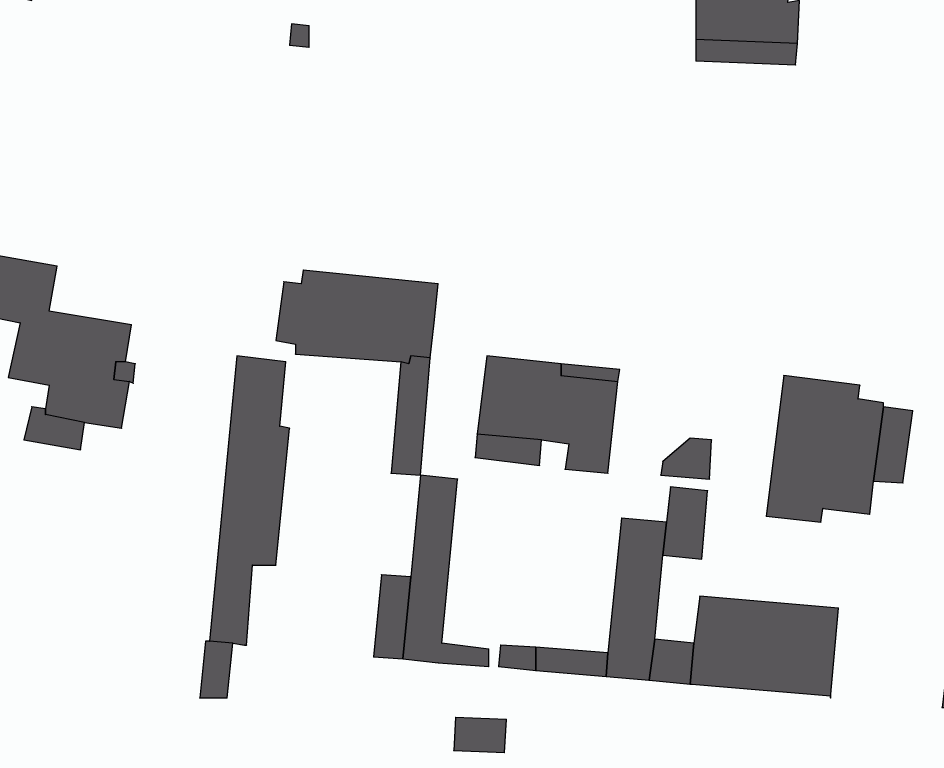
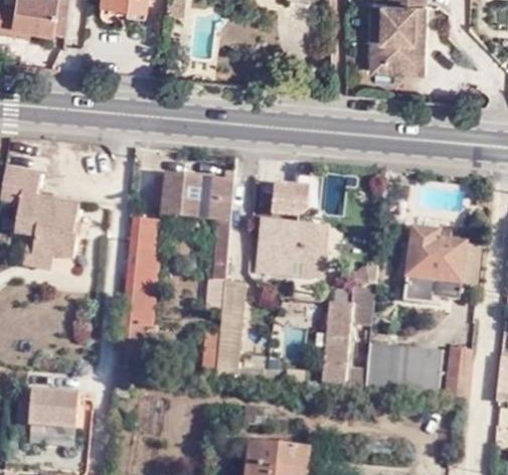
building: none -> [259,180,310,214]
building: none -> [445,346,471,397]
building: none -> [33,388,83,426]

